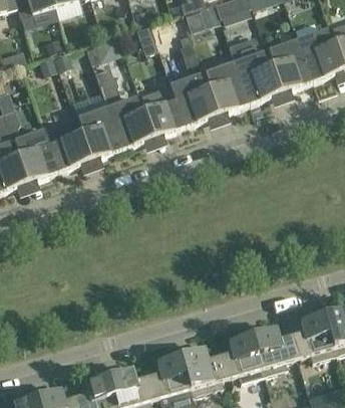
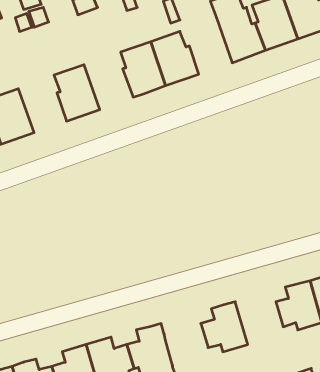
building: [205,60,249,115] -> none
building: [94,67,153,149] -> none
building: [43,118,89,171] -> none
building: [252,327,298,375] -> none
building: [181,348,226,395] -> none

